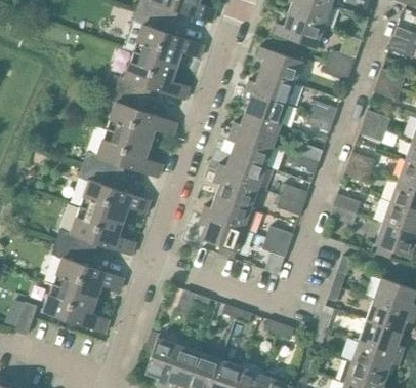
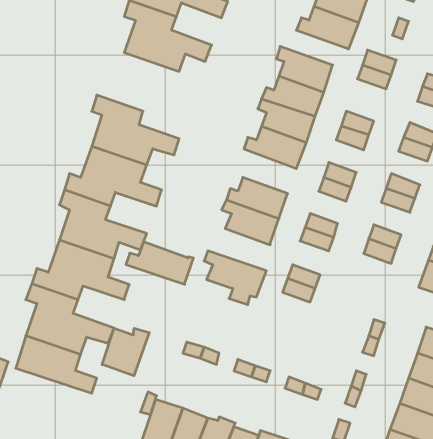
building: [110,51,191,100] -> none
building: [227,130,274,167] -> none
building: [201,196,256,231] -> [126,242,193,284]
building: none -> [102,328,149,376]

